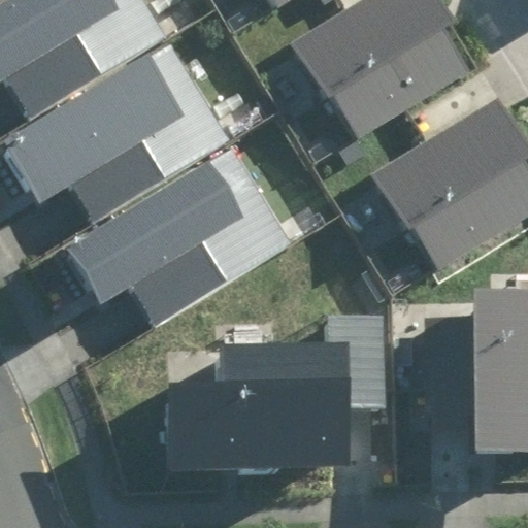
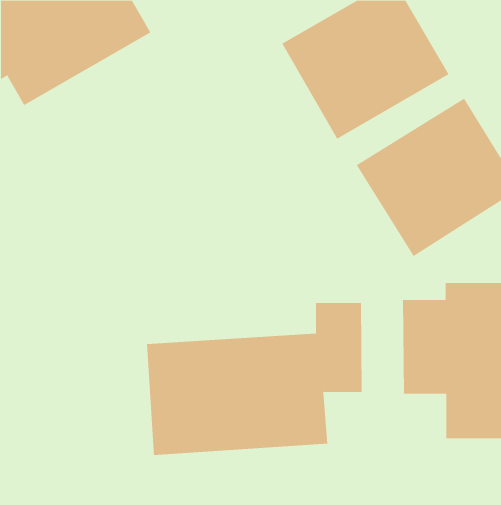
building: [10,46,228,216] -> none
building: [69,148,287,319] -> none

